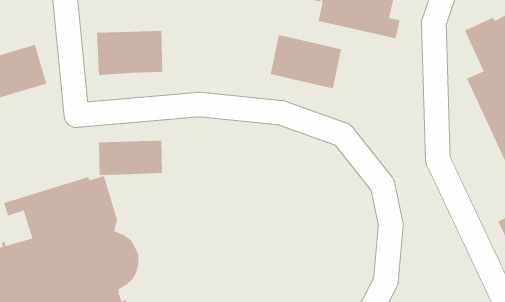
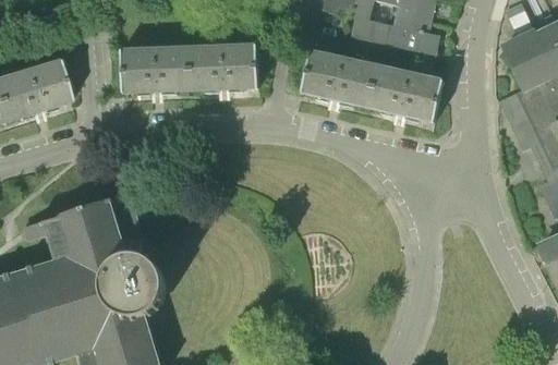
building: none -> [190,44,259,89]
building: none -> [368,65,445,122]
building: [99,140,162,176] -> none

